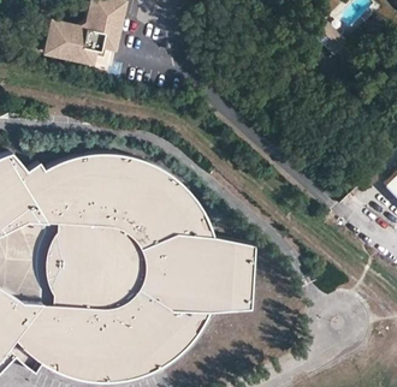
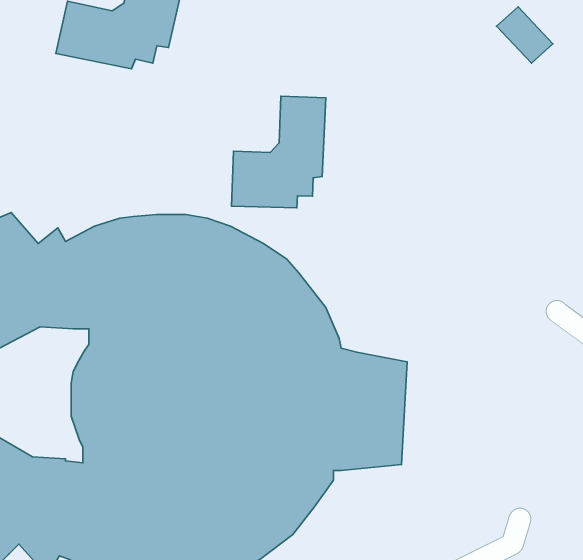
building: none -> [232,96,326,208]

